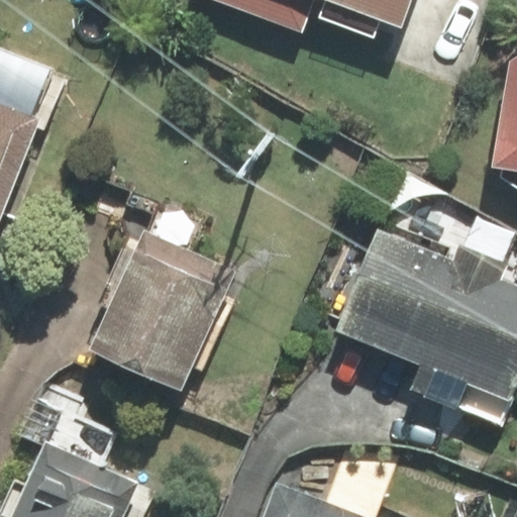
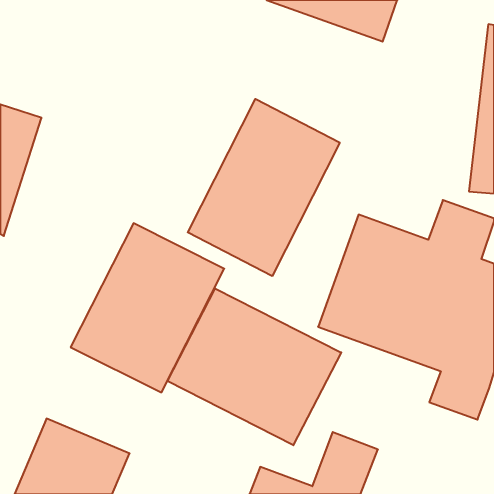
building: none -> [188,99,340,276]
building: none -> [167,288,341,445]

